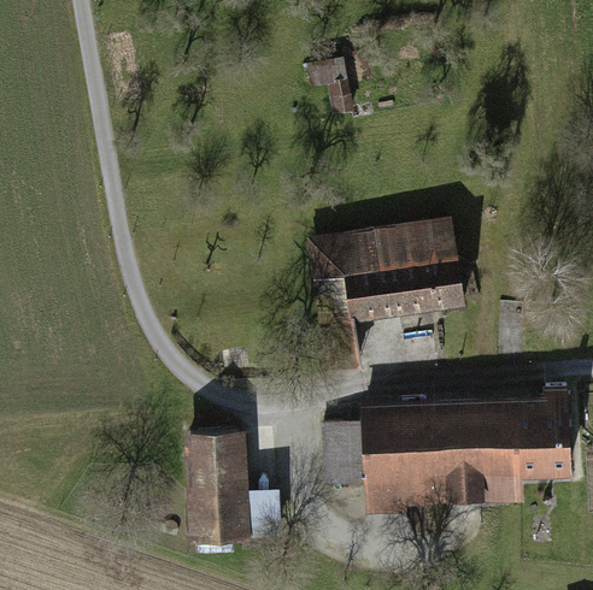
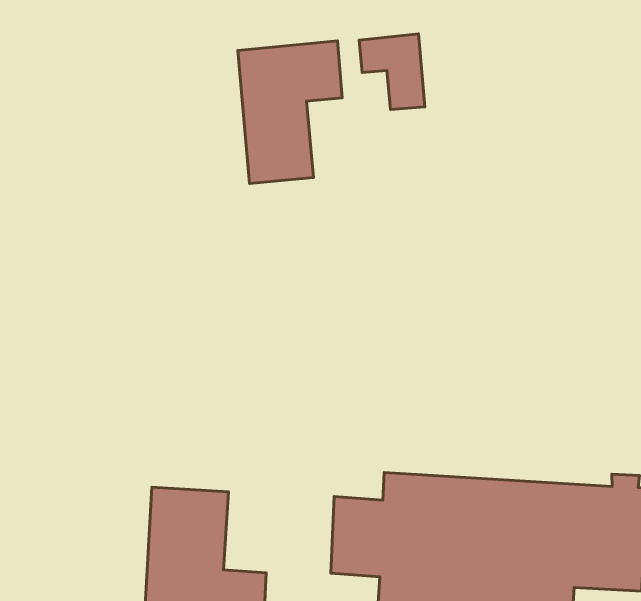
building: none -> [238,41,342,183]
building: [312,219,465,326] -> none

